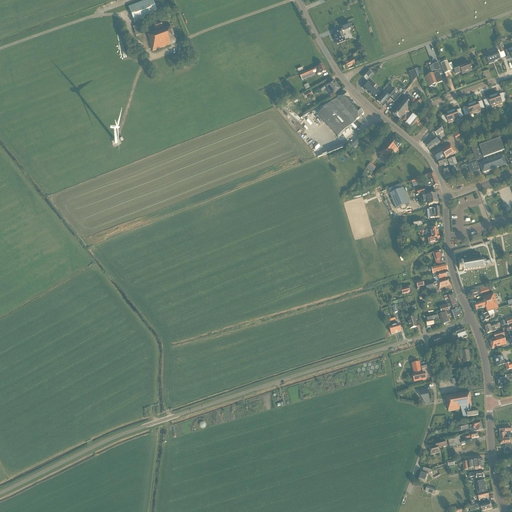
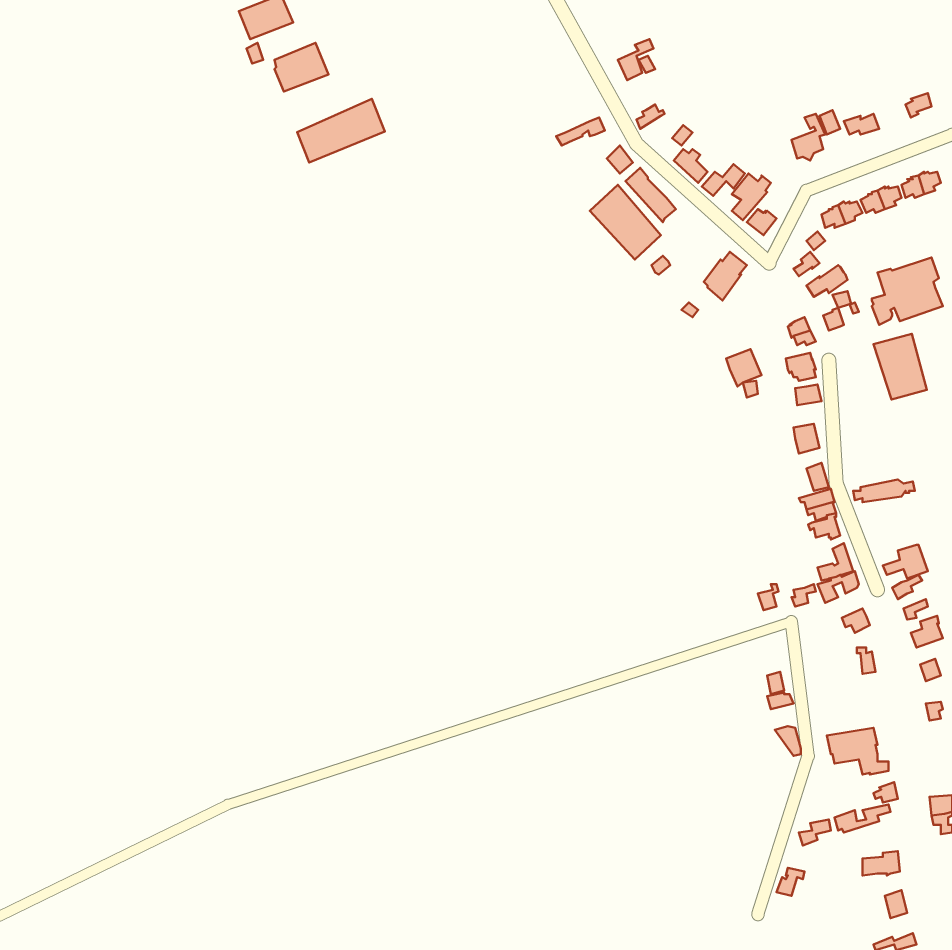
building: none -> [297,99,385,162]
building: none -> [873,334,927,399]

